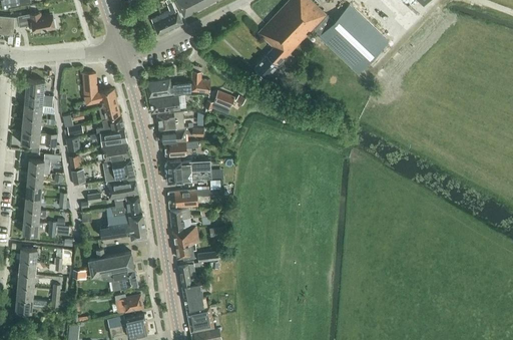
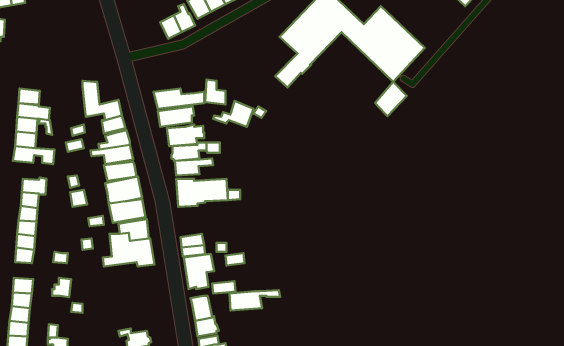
building: [18,13,55,32] -> none
building: none -> [375,82,407,116]
building: [168,190,213,208] -> [229,290,280,310]
building: [88,249,137,291] -> none

